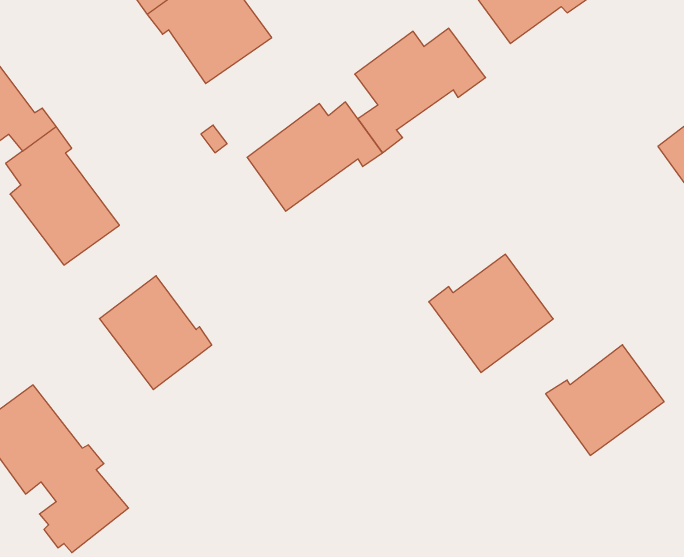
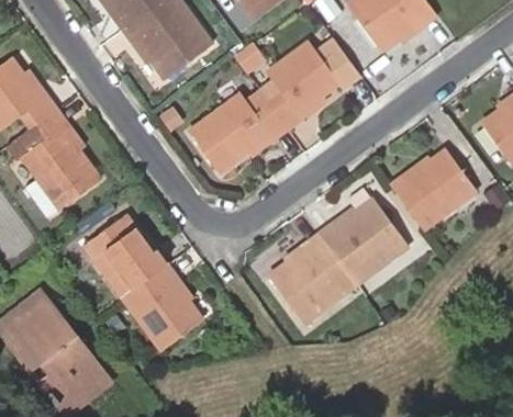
building: none -> [272,234,358,322]
building: [546,345,664,455] -> [392,149,477,228]
building: none -> [124,264,202,348]

